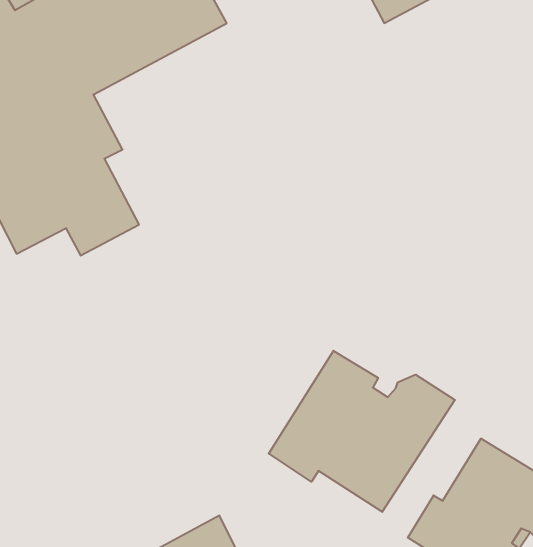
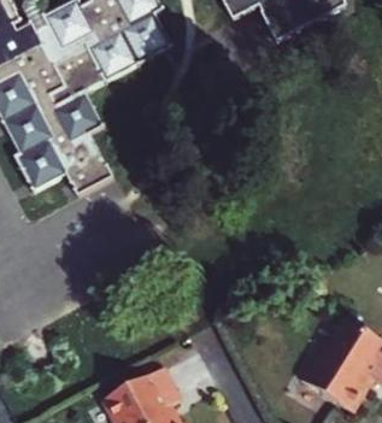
building: [269,351,455,512] -> none

